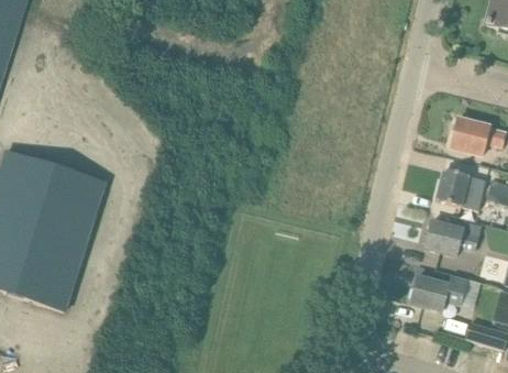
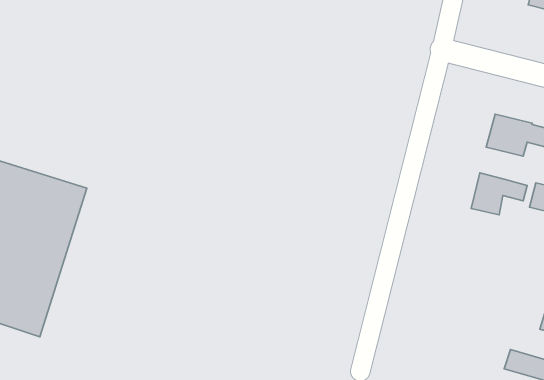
building: [424,220,478,255] -> none
building: [410,275,466,310] -> none

